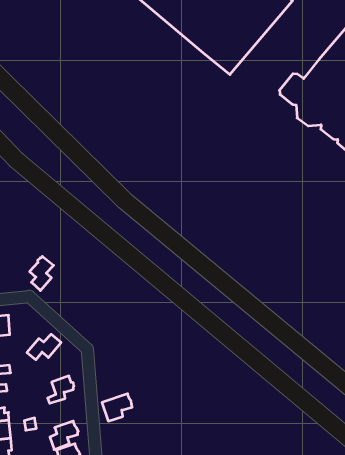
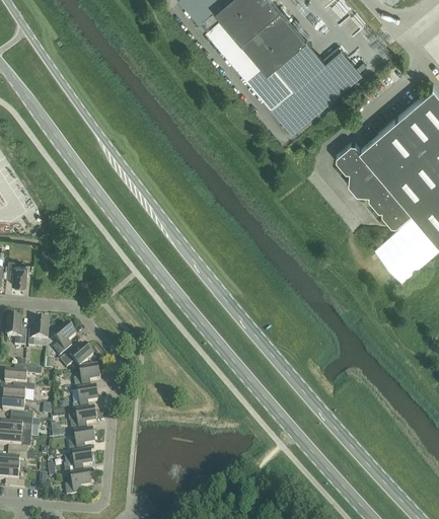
building: [30,256,54,291] -> [53,325,76,357]
building: none -> [74,367,100,389]
building: [102,394,132,421] -> [69,410,96,432]

